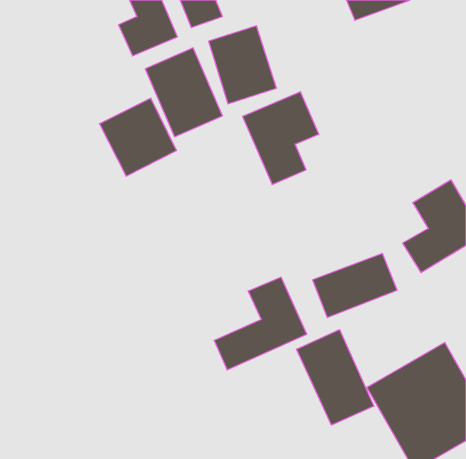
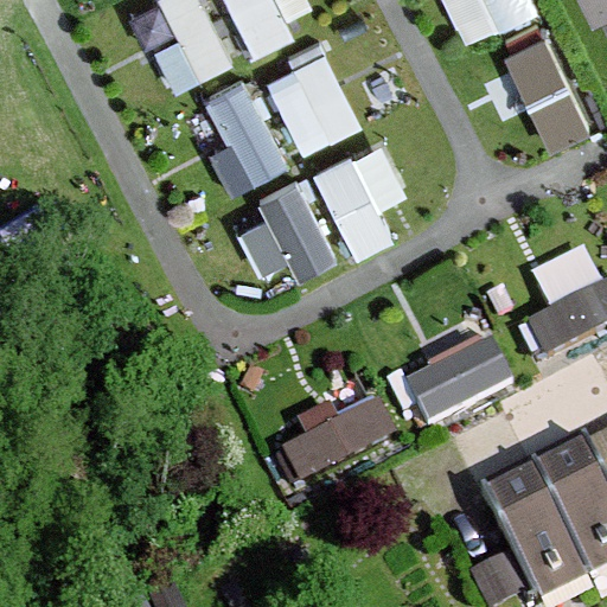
building: none -> [480,33,592,146]
building: [99,98,177,176] -> [235,184,334,285]
building: [297,330,374,425] -> none

